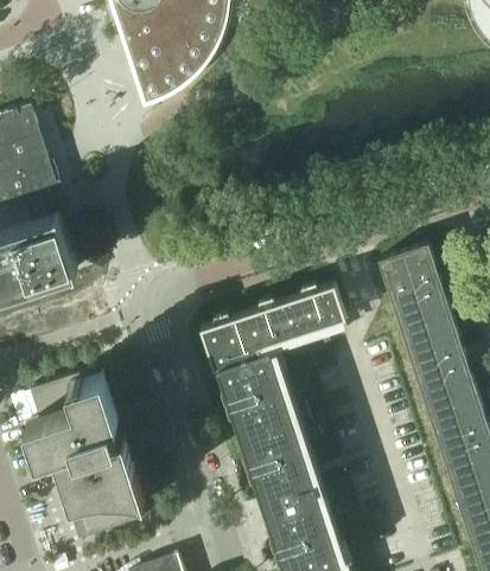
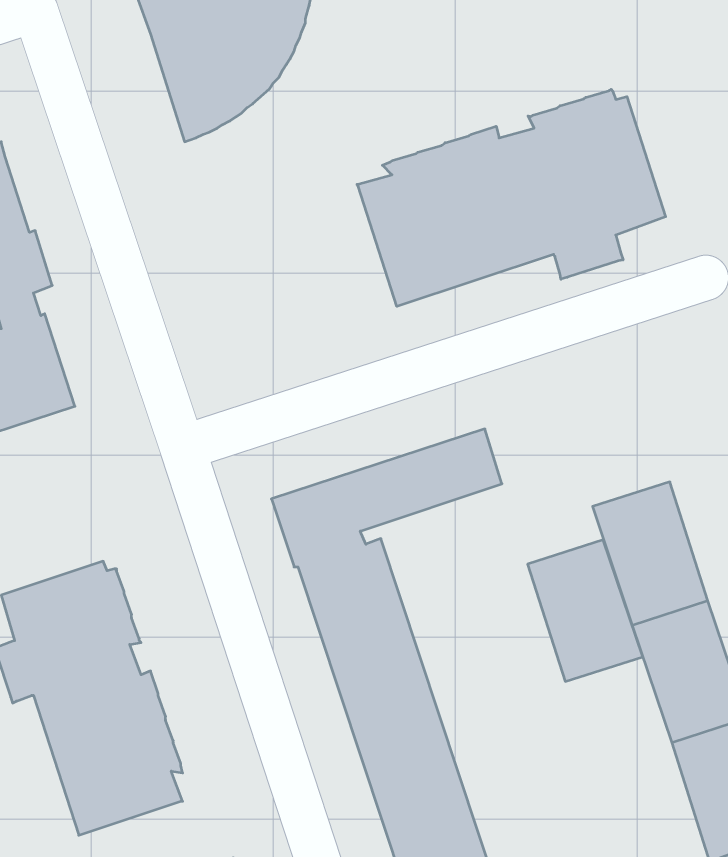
building: none -> [357,89,666,306]
building: [378,245,451,334] -> [528,540,643,681]

